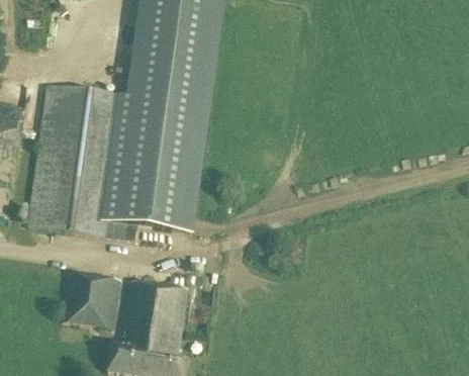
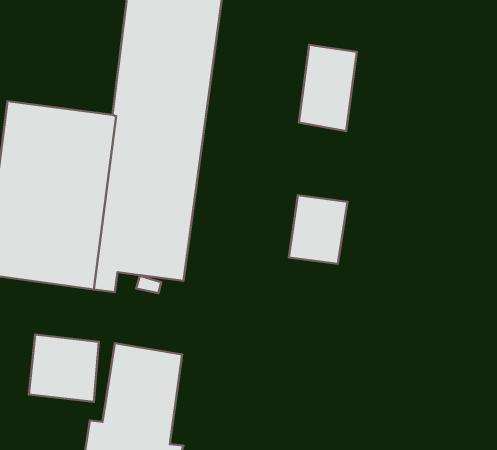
building: none -> [299,45,357,131]
building: none -> [289,195,348,264]

